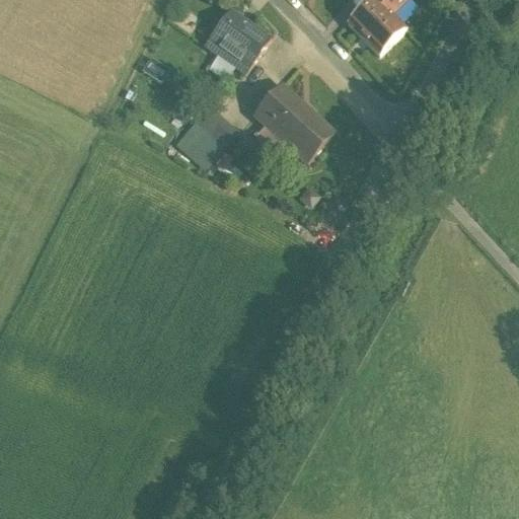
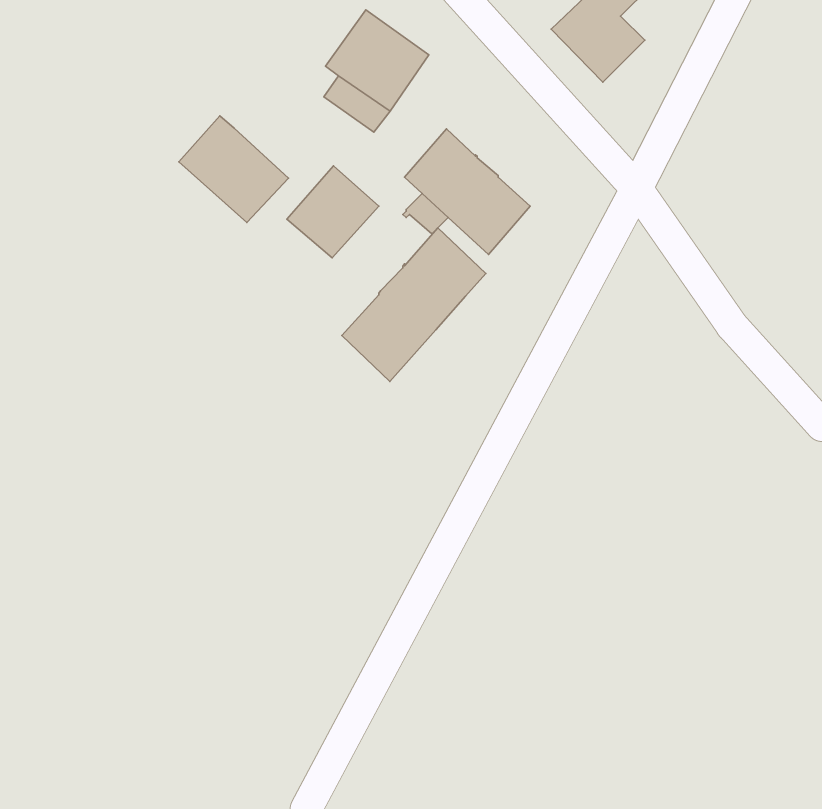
building: none -> [179,116,289,222]
building: none -> [342,228,486,381]

